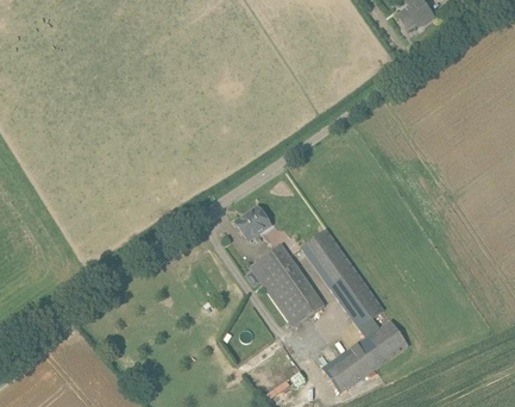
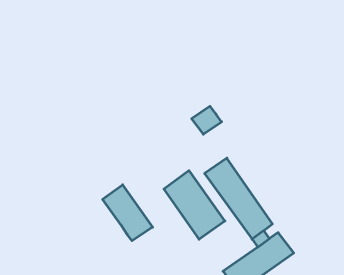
building: [234,206,271,240] -> [192,106,222,134]
building: none -> [103,185,153,241]

